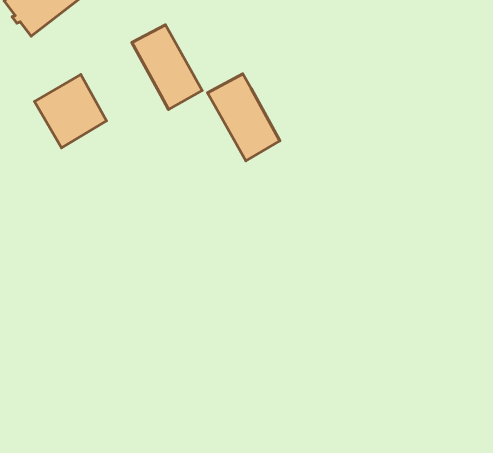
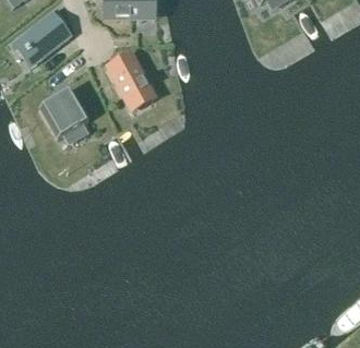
building: [208,74,280,161] -> none

